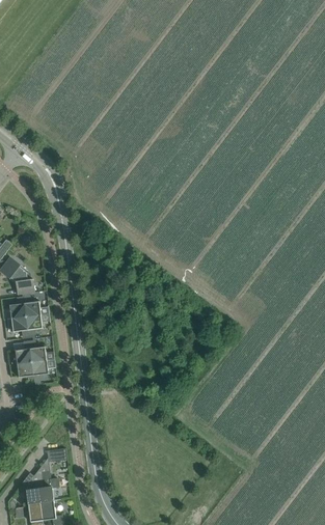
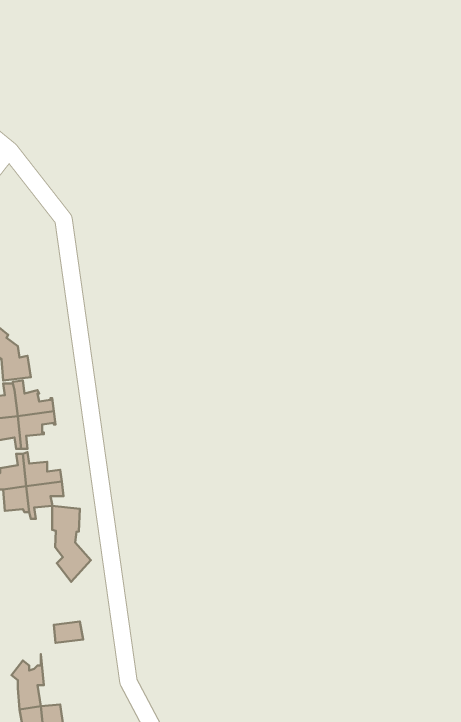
building: none -> [52,506,91,582]
building: [39,460,60,501] -> none

